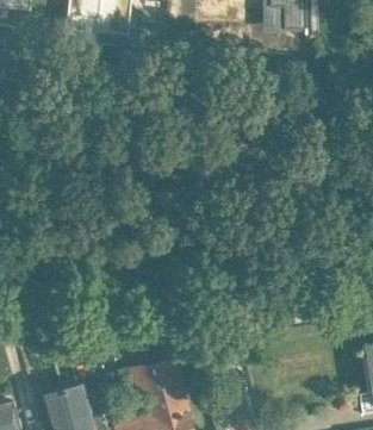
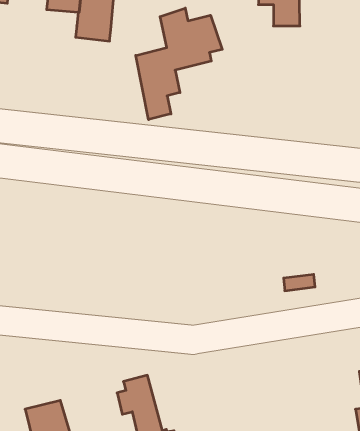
building: none -> [136,8,222,120]

